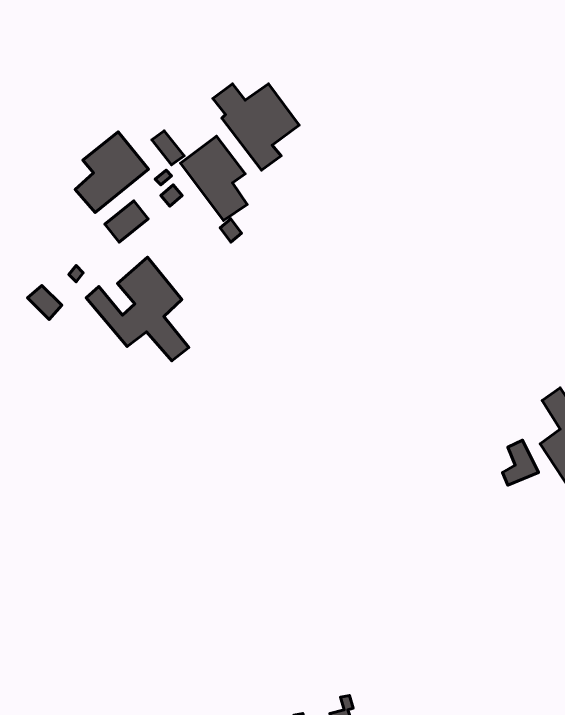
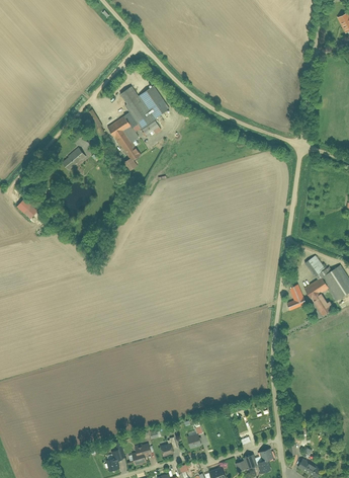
building: [75,132,149,212] -> none
building: [86,257,189,361] -> none

